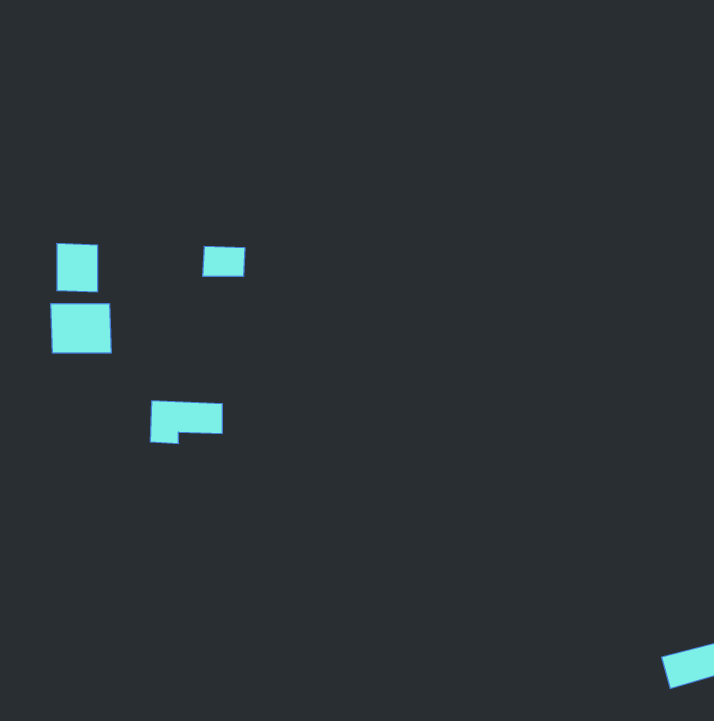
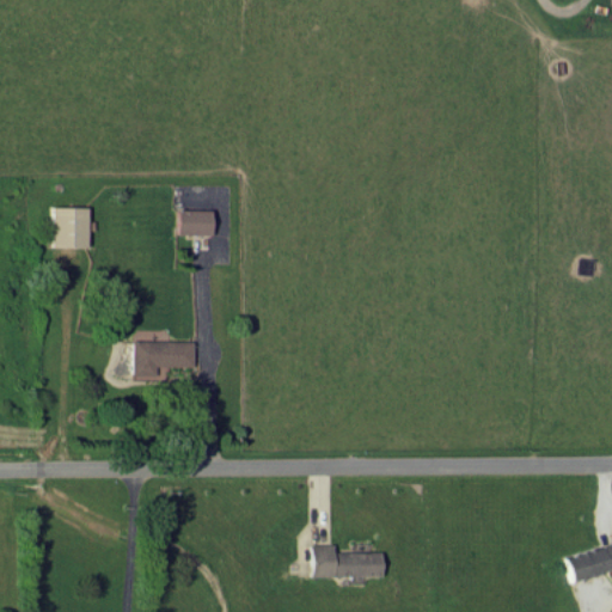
building: [51,304,111,353] -> none
building: none -> [312,545,384,577]

